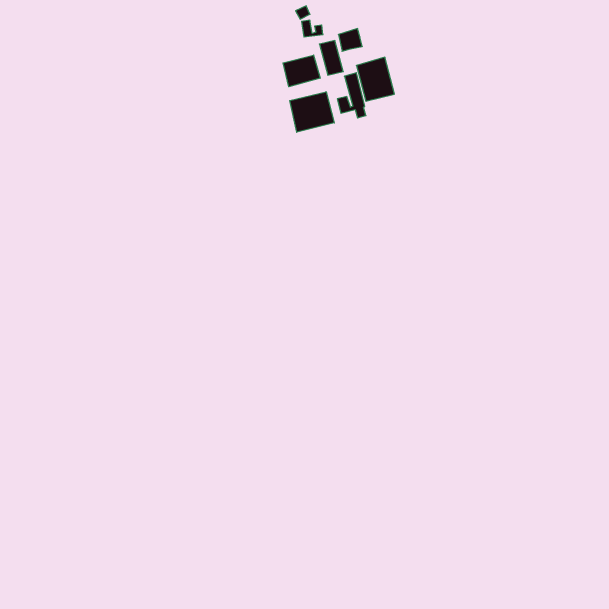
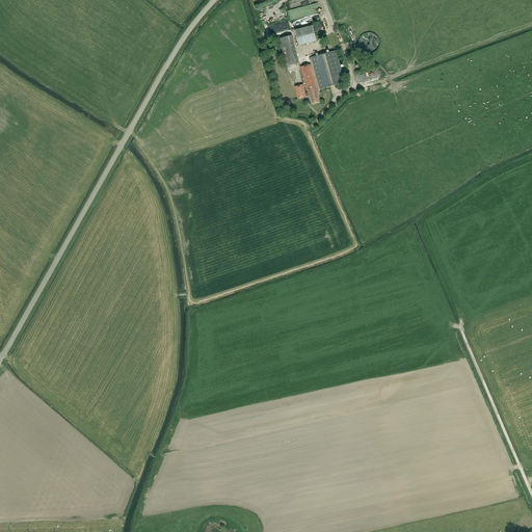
building: [283,55,320,87] -> none
building: [290,92,334,132] -> none

